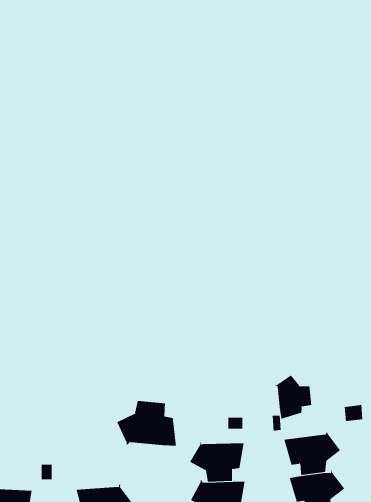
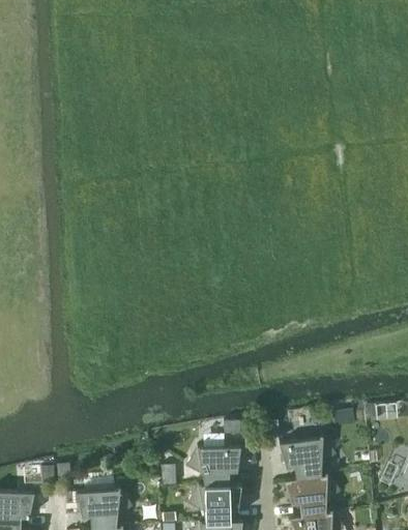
building: [275,374,312,420] -> none
building: [116,400,176,446] -> none

